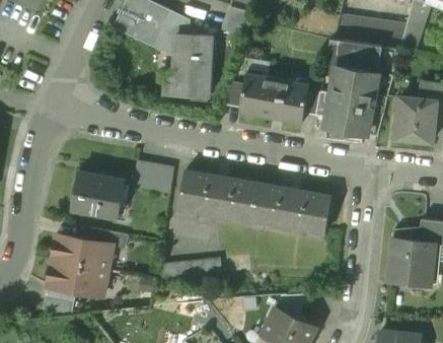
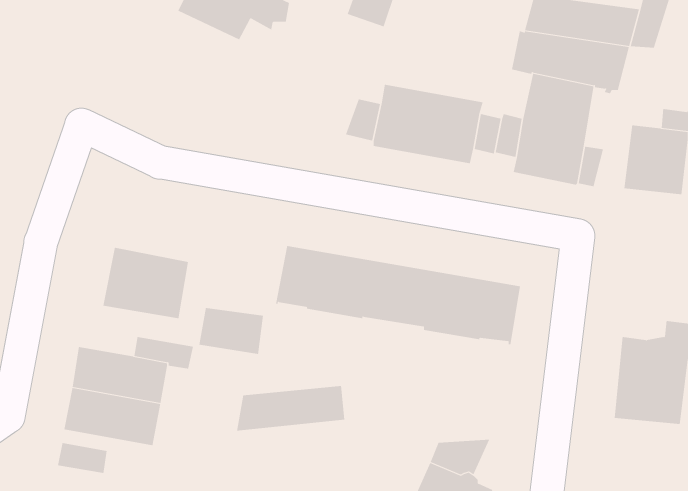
building: [156,31,211,96] -> none
building: [133,163,173,193] -> [199,307,264,355]

